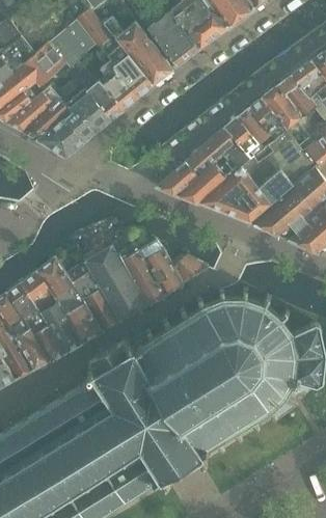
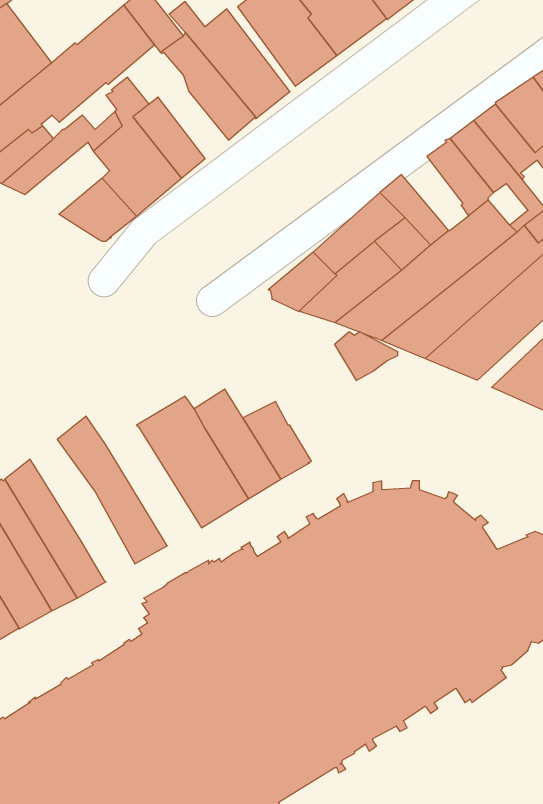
building: [97,60,137,108] -> none
building: [20,99,69,140] -> none
building: [237,107,272,144] -> none
building: [66,251,121,331] -> none
building: [172,254,209,282] -> [335,332,398,381]
building: [23,270,83,351] -> none

